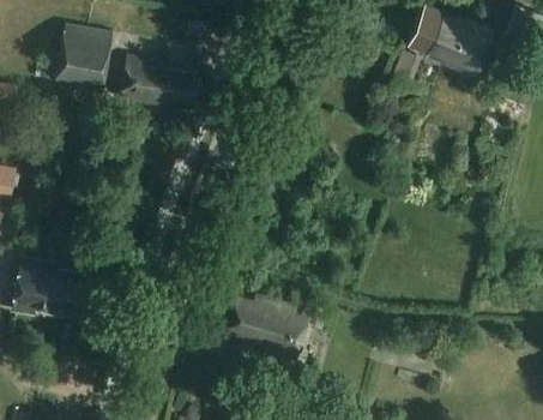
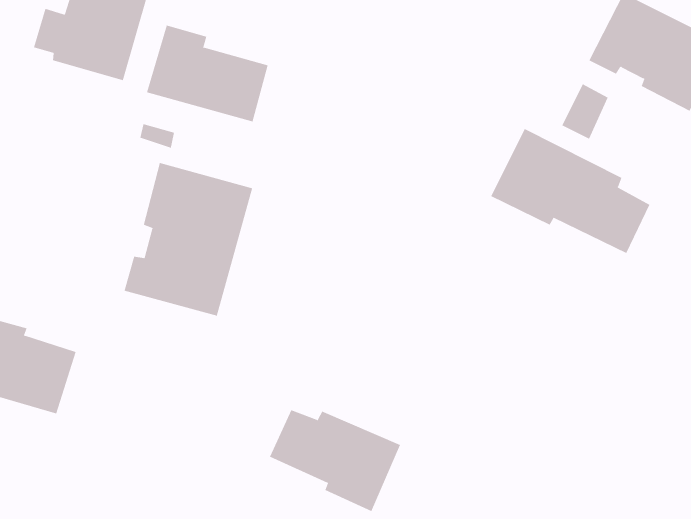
building: none -> [490,128,650,254]
building: none -> [124,162,253,317]

